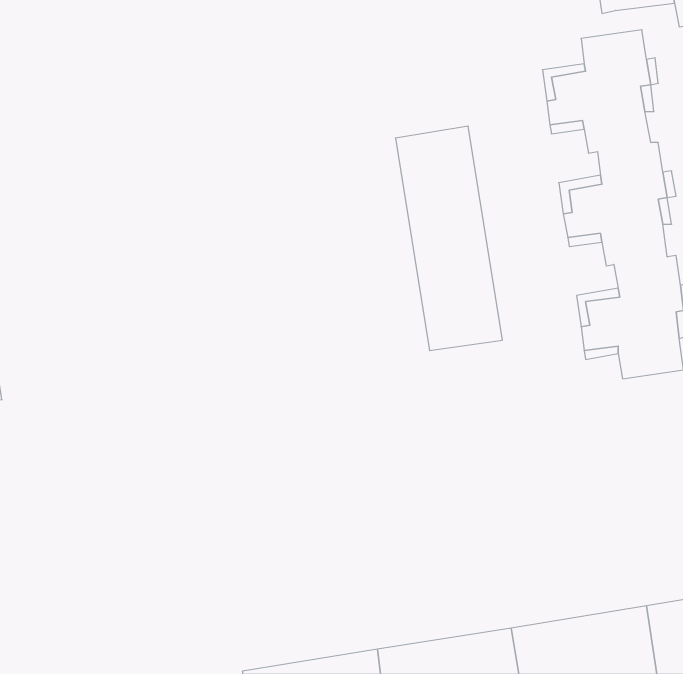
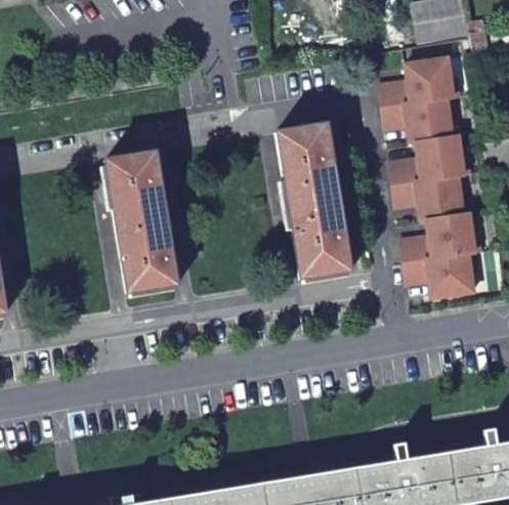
building: none -> [104,151,176,292]

